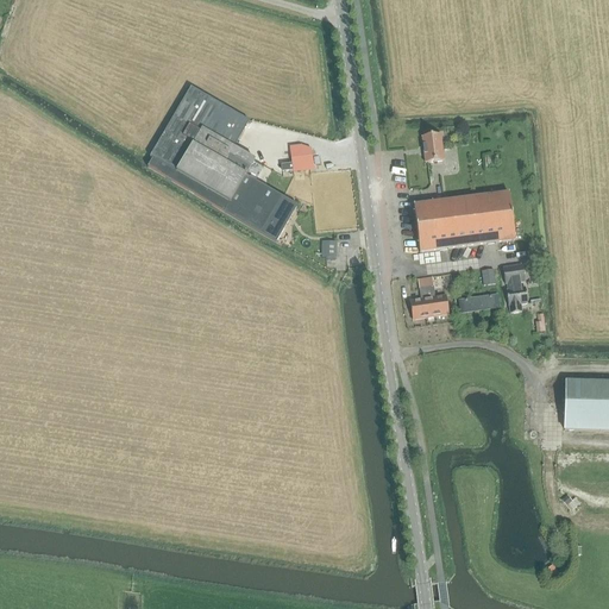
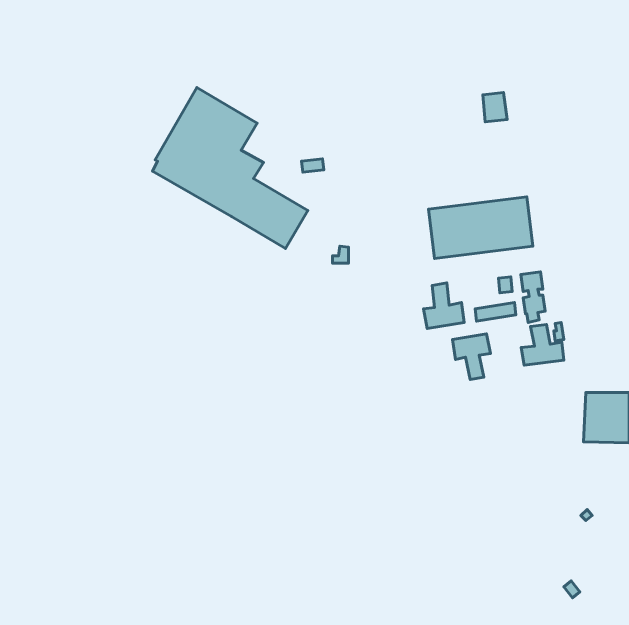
building: [421,132,445,161] -> [483,92,507,122]
building: none -> [521,325,564,365]
building: none -> [453,334,491,379]

